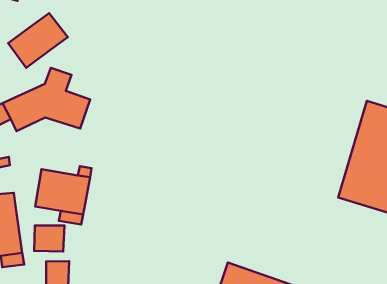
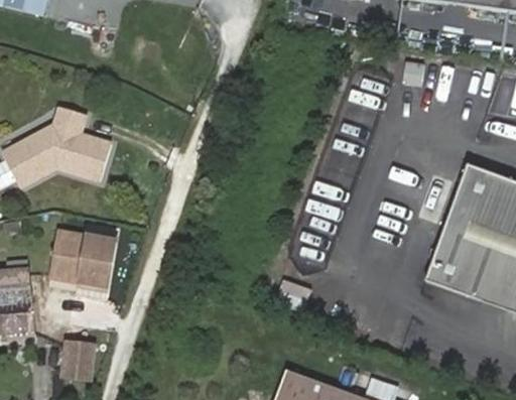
building: [8,13,68,68] -> none
building: [34,226,65,251] -> none

